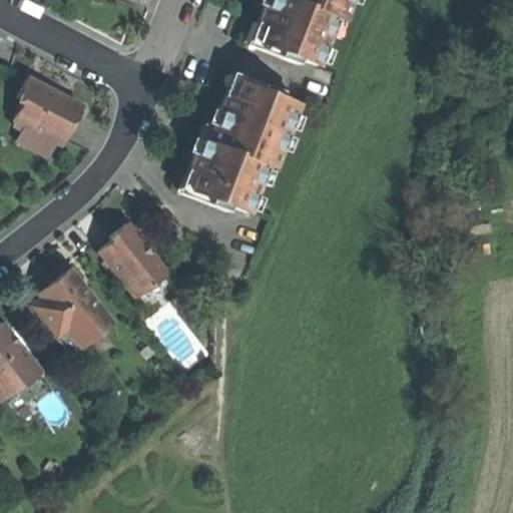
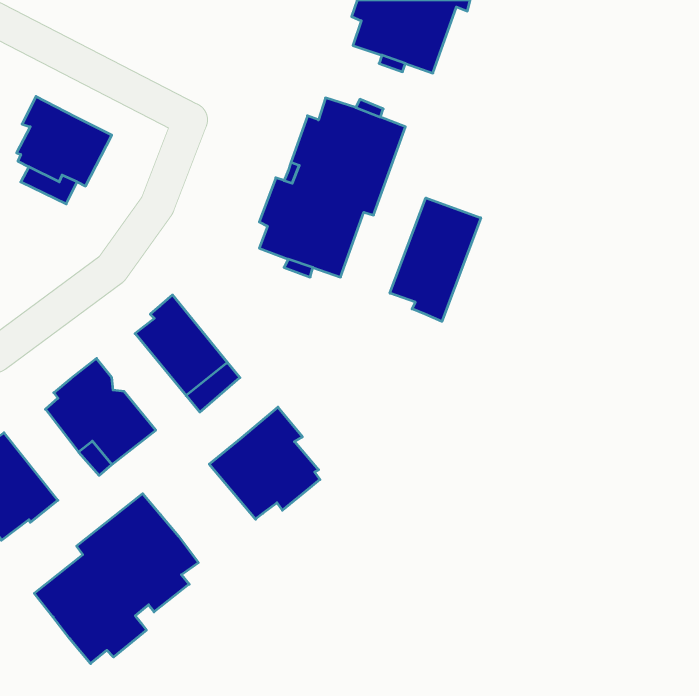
building: none -> [390,198,481,321]
building: none -> [209,407,320,519]
building: none -> [34,494,198,664]

